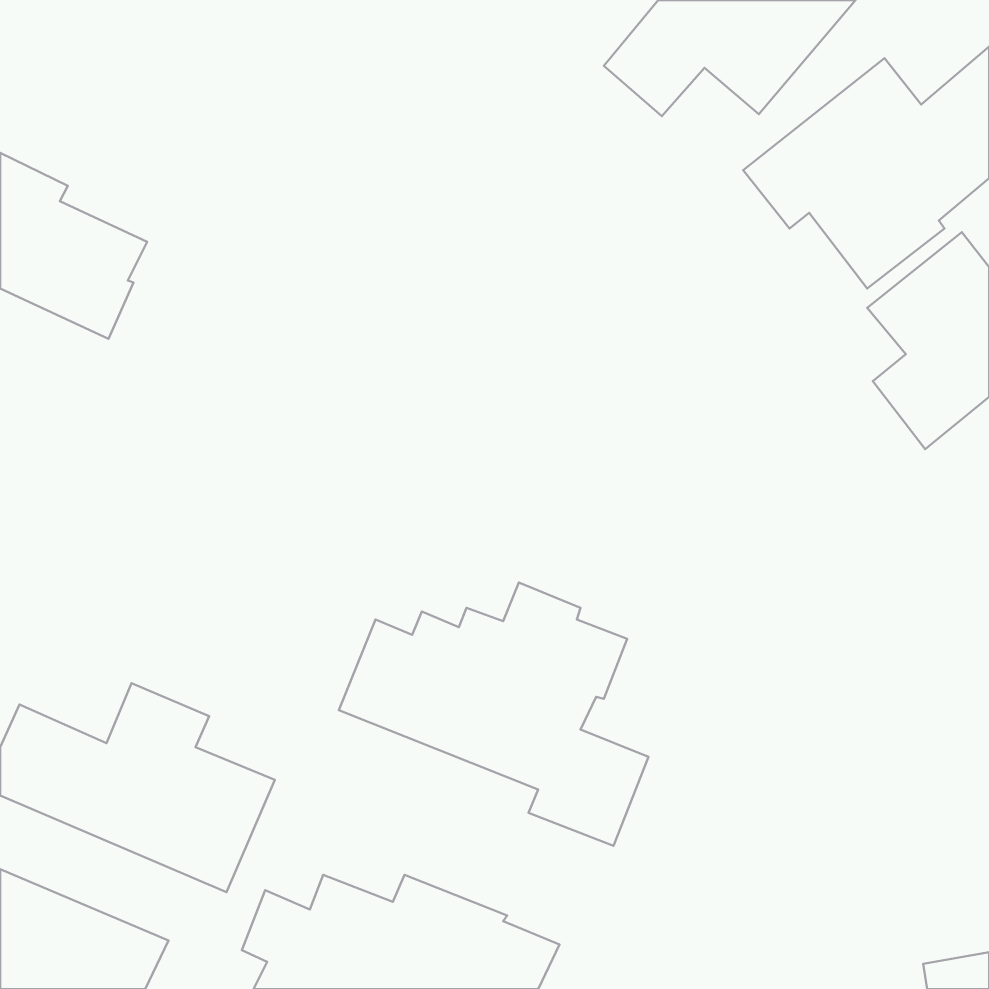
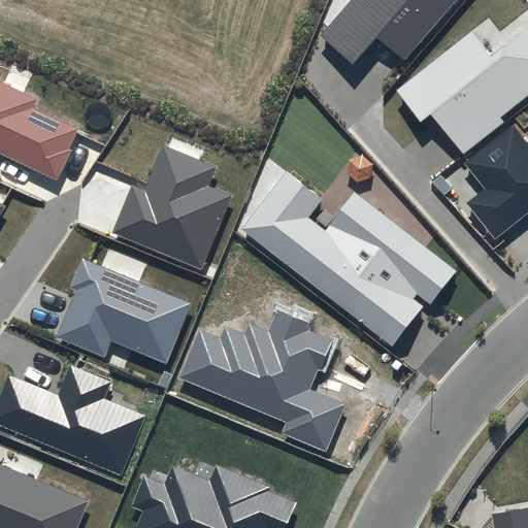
building: none -> [112,144,230,267]
building: none -> [240,170,458,346]
building: none -> [56,259,191,364]

